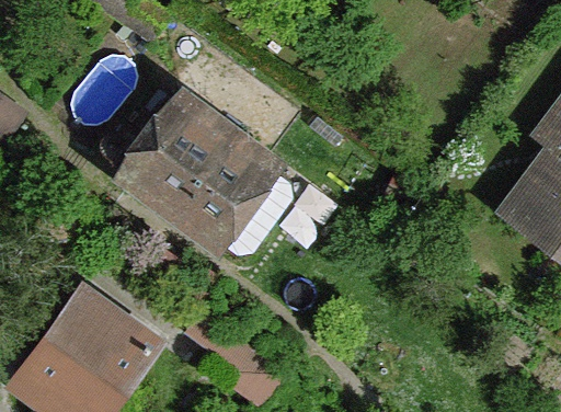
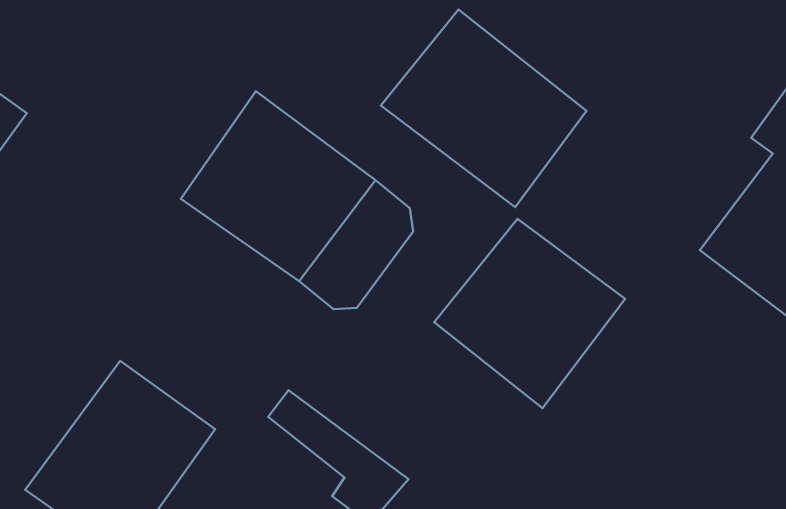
building: none -> [381,10,586,207]
building: none -> [434,219,625,408]

